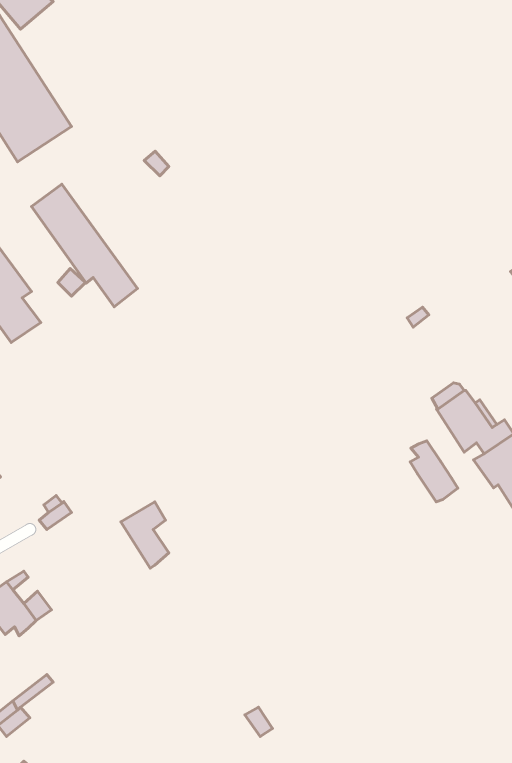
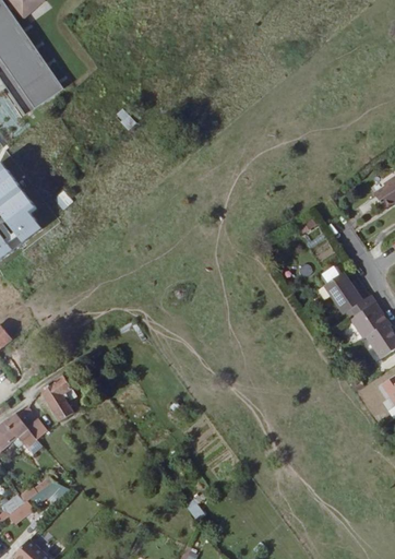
building: [31,184,137,307] -> none
building: [410,441,458,502] -> none
building: [121,502,169,568] -> [40,373,74,420]

